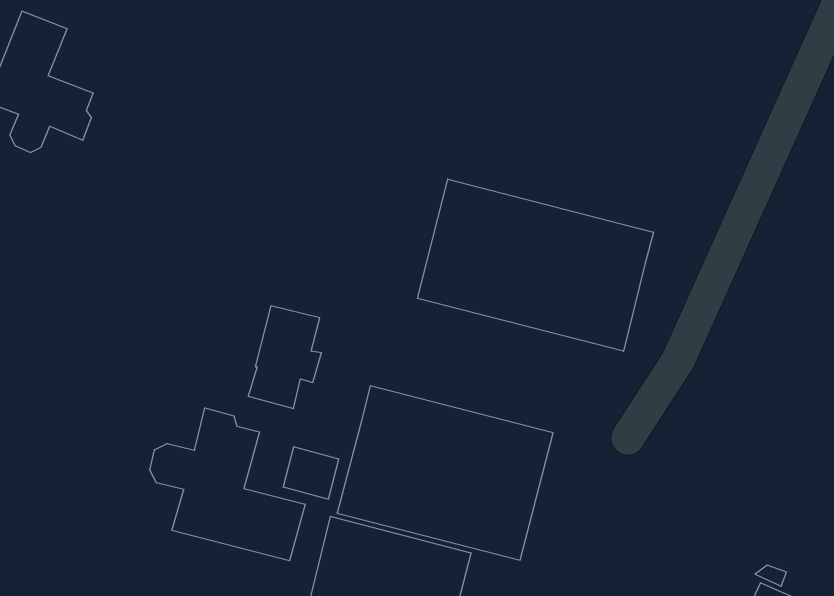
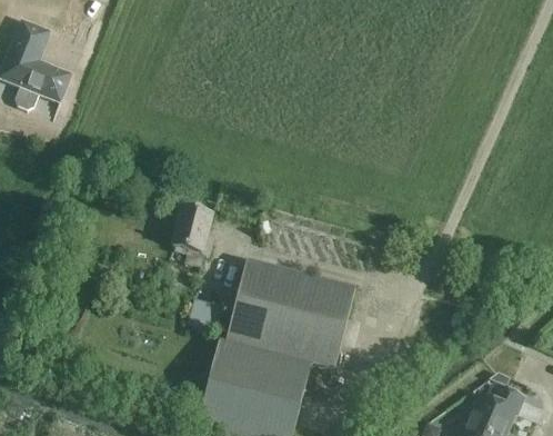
building: [418,179,654,351] -> none
building: [150,408,305,561] -> none

